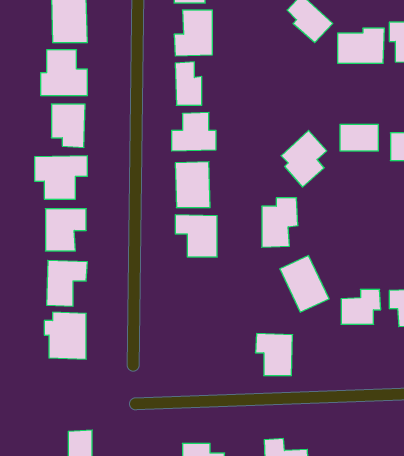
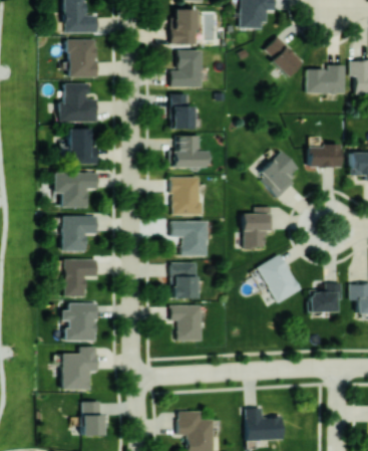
building: none -> [171,262,197,299]
building: [255,334,293,376] -> [170,305,202,341]
building: none -> [61,347,98,391]

